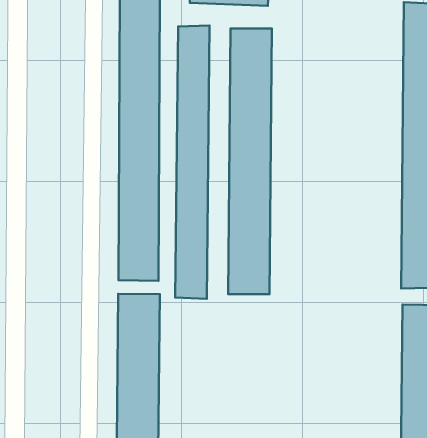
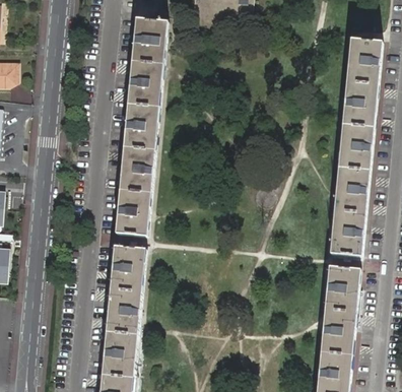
building: [175,25,209,299] -> none
building: [228,29,272,294] -> none

